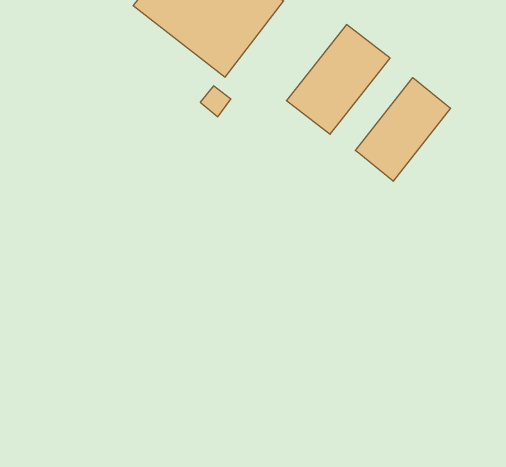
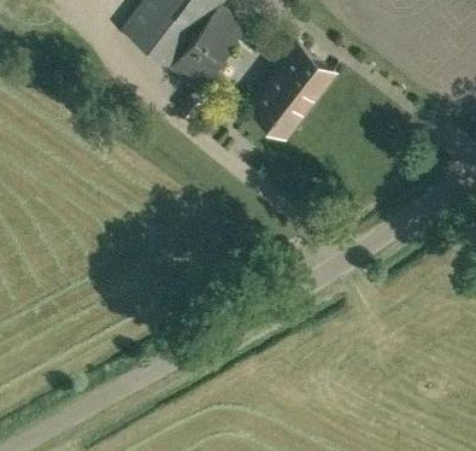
building: [355,78,451,181] -> none

